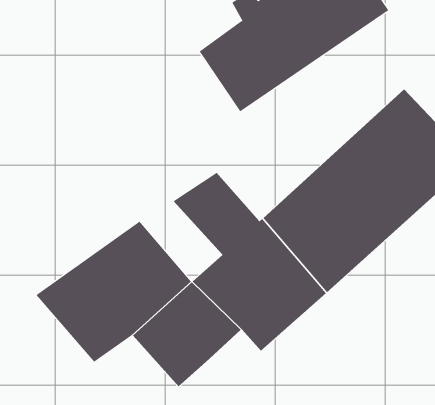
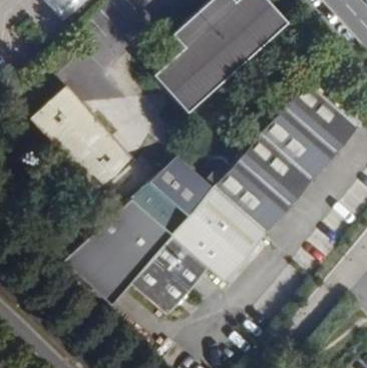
building: none -> [30,84,133,192]
building: none -> [125,180,188,237]

